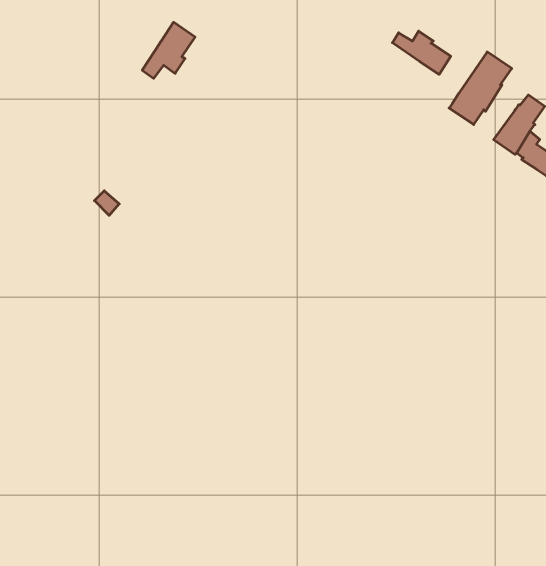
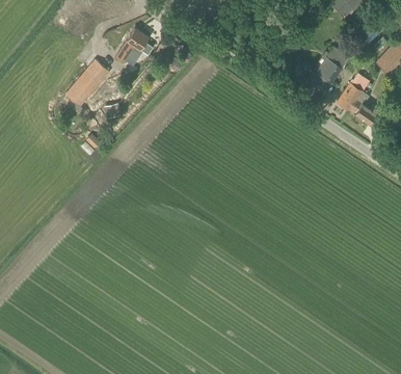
building: [392,31,451,74] -> none
building: none -> [65,60,110,115]

